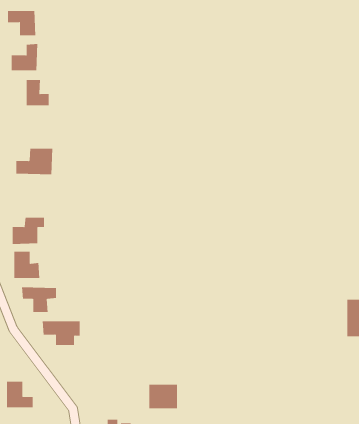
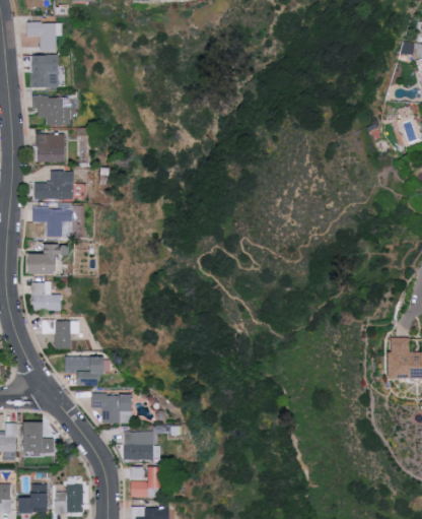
building: none -> [34,134,65,163]
building: none -> [30,207,74,237]
building: none -> [90,393,133,423]
building: [149,384,178,409] -> [122,433,153,459]

